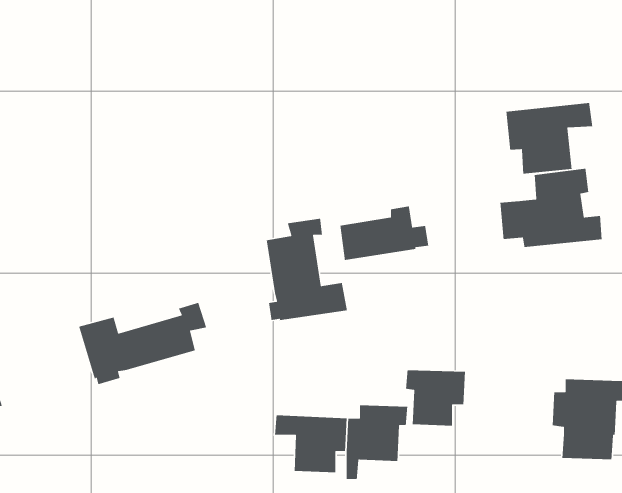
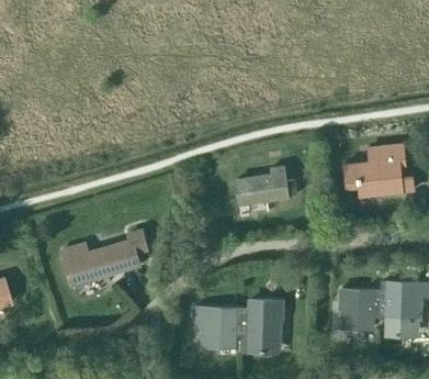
building: [505,102,593,174] -> none
building: [266,218,348,321] -> none
building: [405,369,466,427] -> [339,291,380,330]

